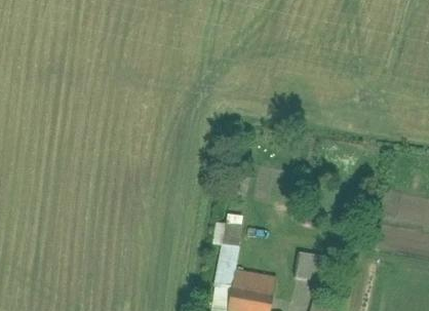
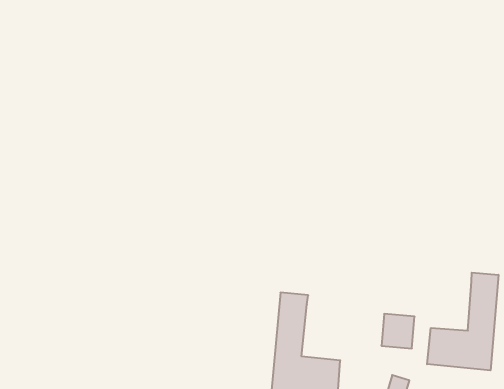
building: none -> [427,273,498,370]

